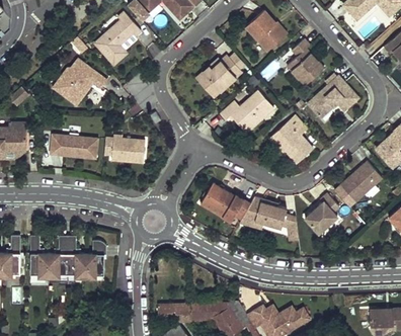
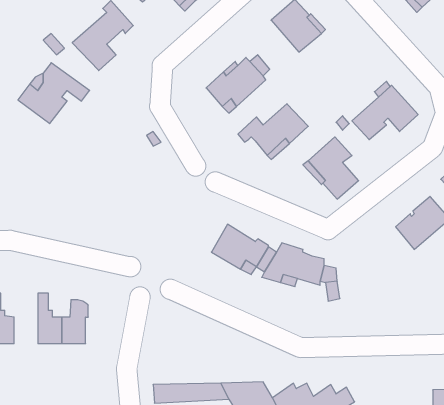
building: [286,39,323,87] -> none
building: [49,135,97,160] -> none
building: [103,137,144,163] -> none
building: [304,193,338,234] -> none
building: [49,236,67,274] -> none

